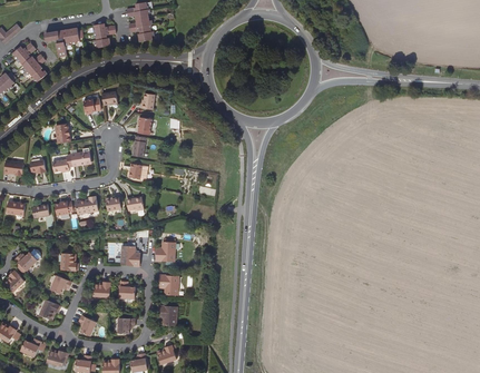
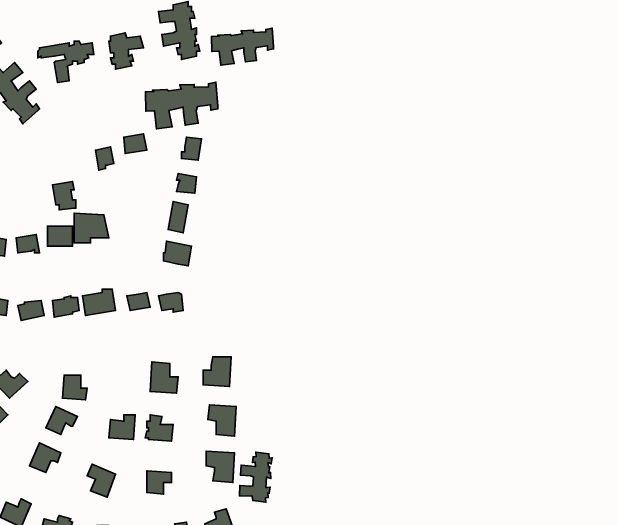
building: none -> [212,28,274,65]
building: none -> [145,82,218,129]
building: none -> [239,452,272,502]

